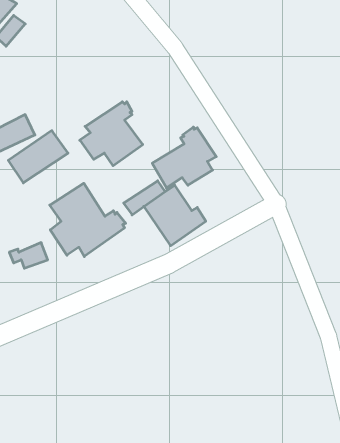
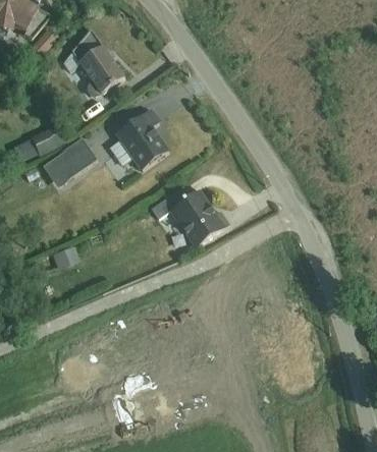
building: none -> [63,29,125,96]
building: [152,127,216,188] -> none
building: [50,183,126,257] -> none

